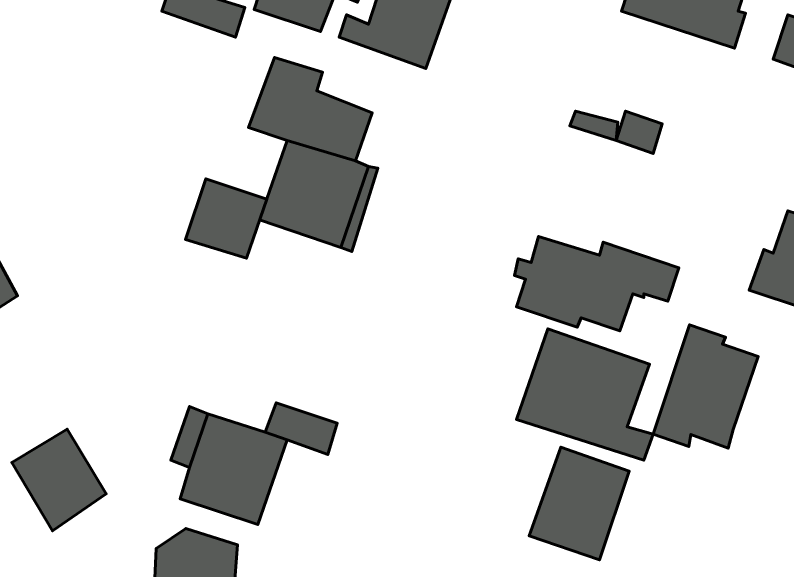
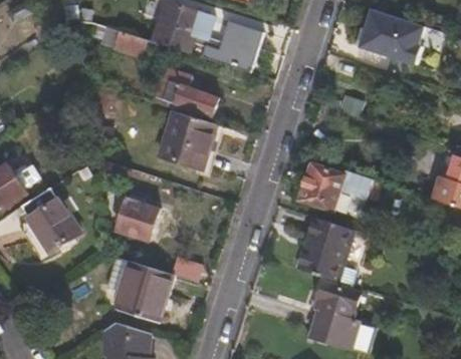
building: [186,179,267,258] -> [109,195,154,238]
building: [653,325,758,448] -> none
building: [12,429,106,531] -> [31,199,82,254]

